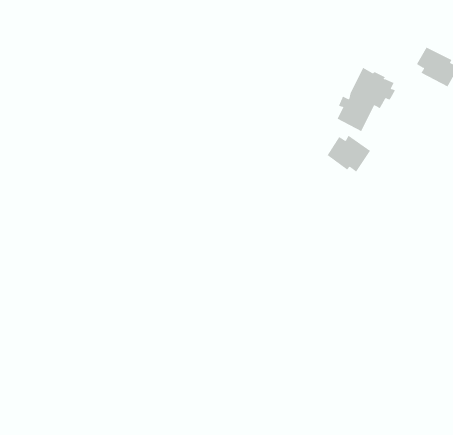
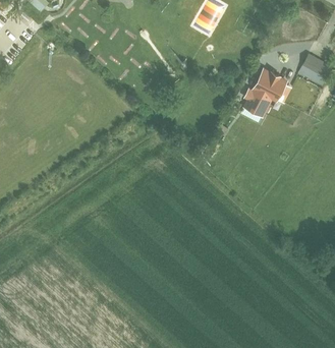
building: [327,135,371,173] -> none

